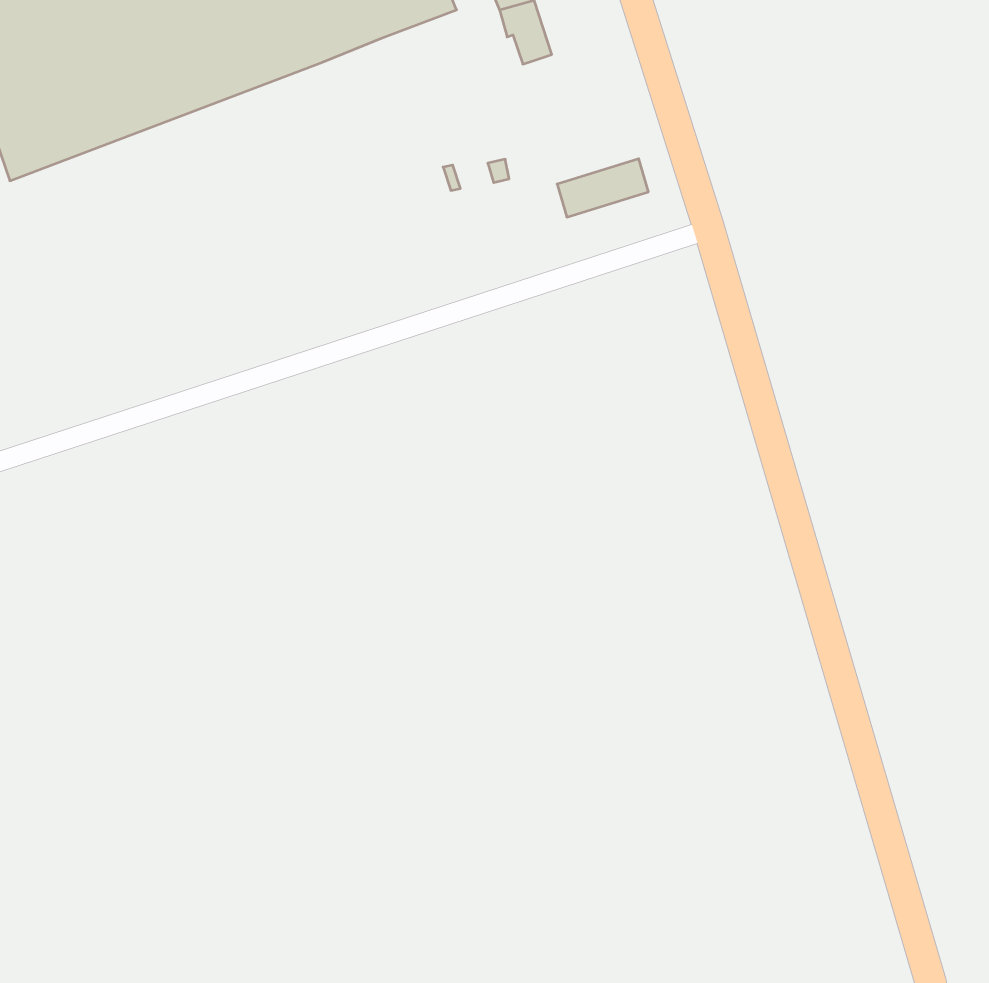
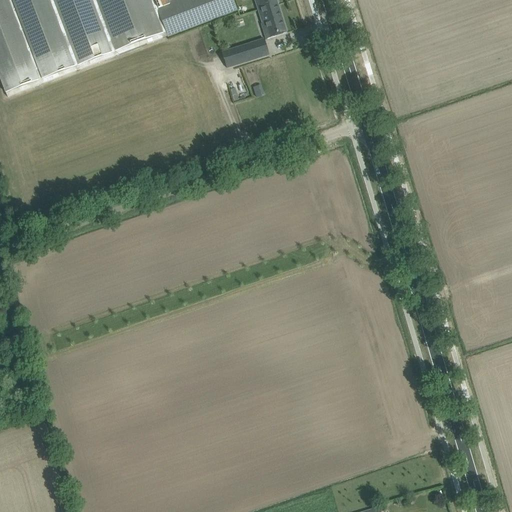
building: [557,159,648,217] -> [220,34,267,64]

